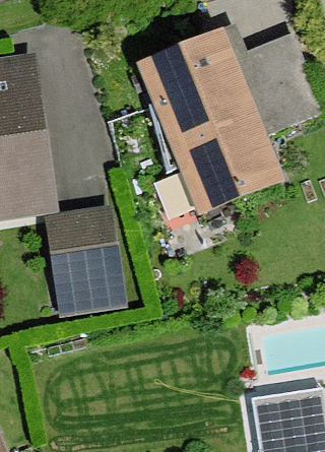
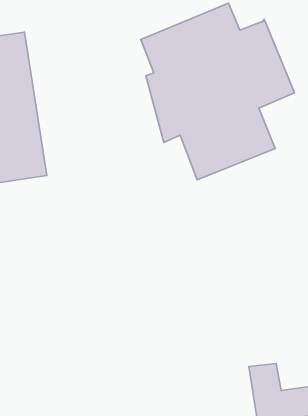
building: [50,211,122,308] -> none

